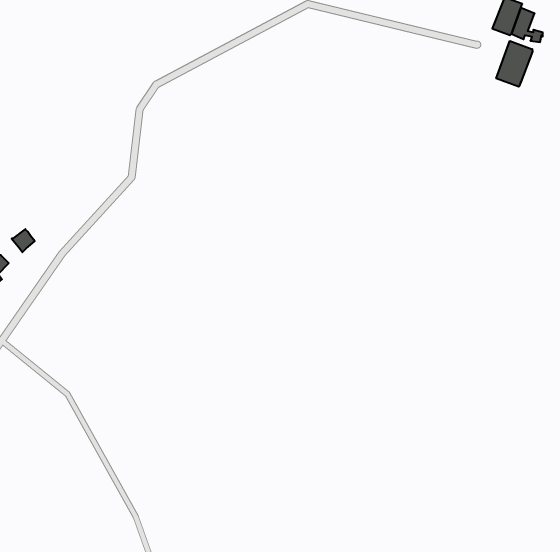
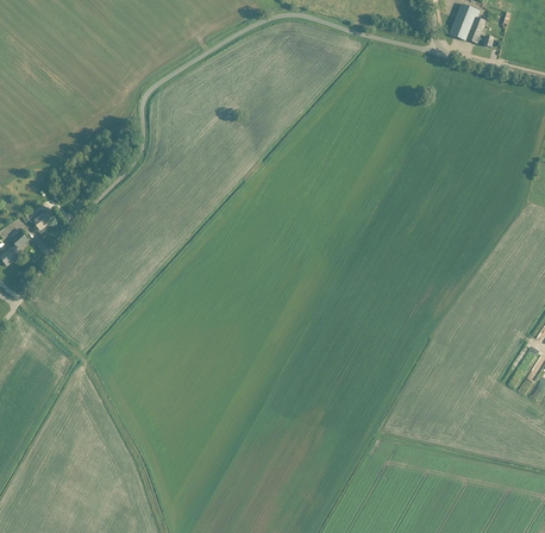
building: [496,41,533,87] -> none

